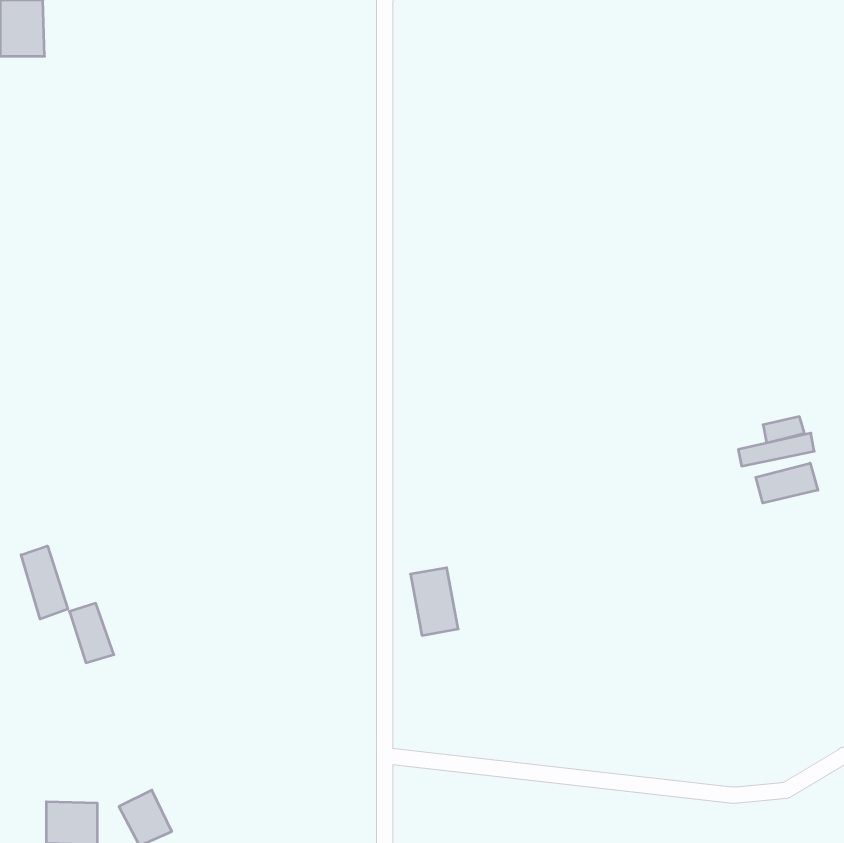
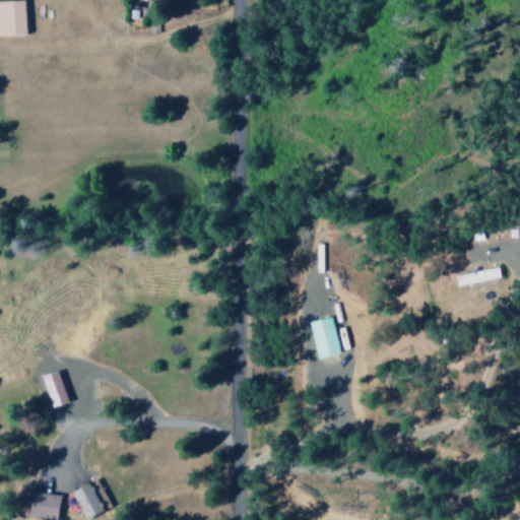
building: [756,463,818,503] -> none
building: [21,546,68,619] -> none
building: [410,568,458,635] -> [311,318,340,360]

